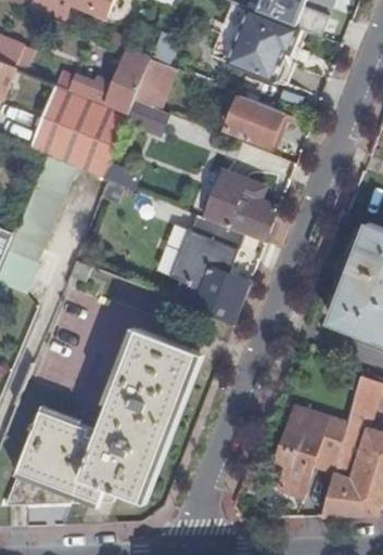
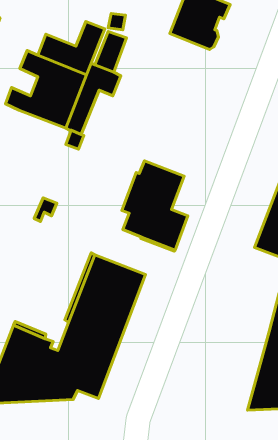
building: [226,94,281,145] -> none
building: [194,171,278,243] -> none
building: [277,404,346,494] -> none

